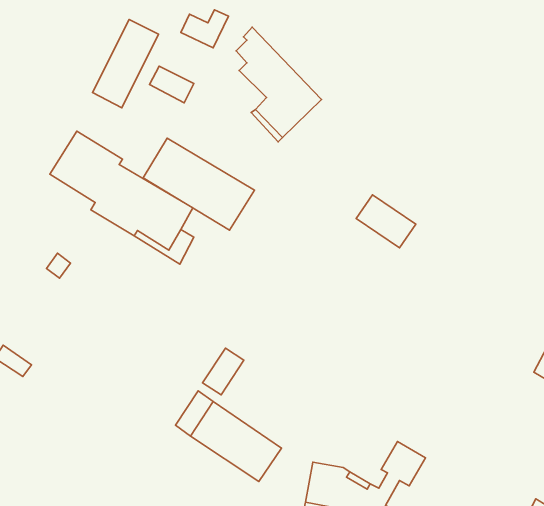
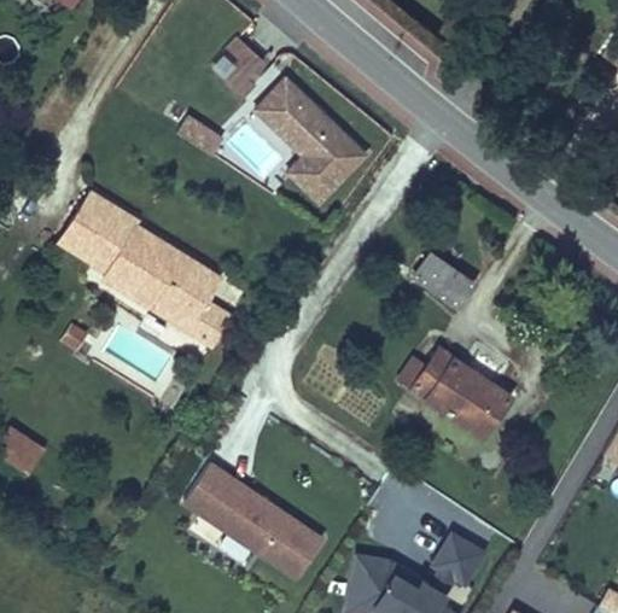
building: [92,20,158,108] -> none
building: [143,138,255,230] -> none
building: none -> [391,350,509,446]
building: [203,348,244,395] -> [182,463,228,515]

